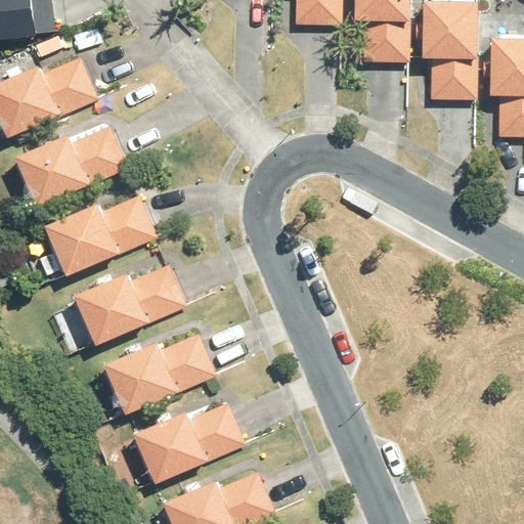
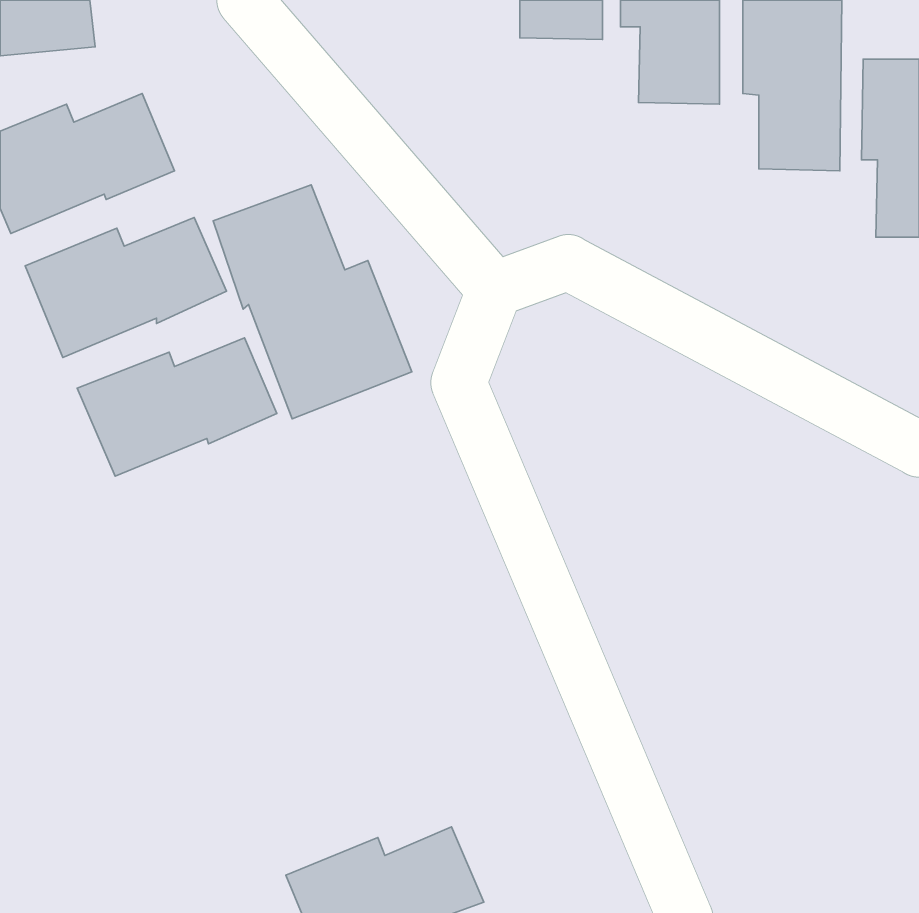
building: none -> [213,185,412,419]
building: [74,265,187,345] -> none
building: [103,335,218,414] -> none
building: [134,403,246,483] -> none

